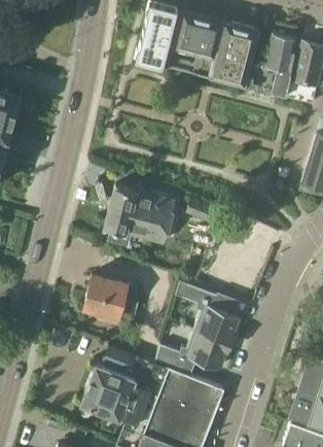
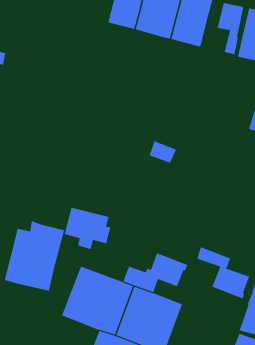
building: [105,185,176,245] -> none
building: [176,281,239,343] -> [197,247,250,299]
building: none -> [4,220,65,291]

